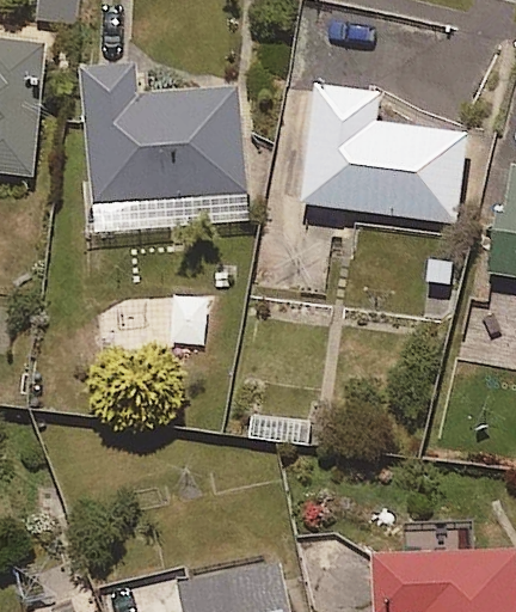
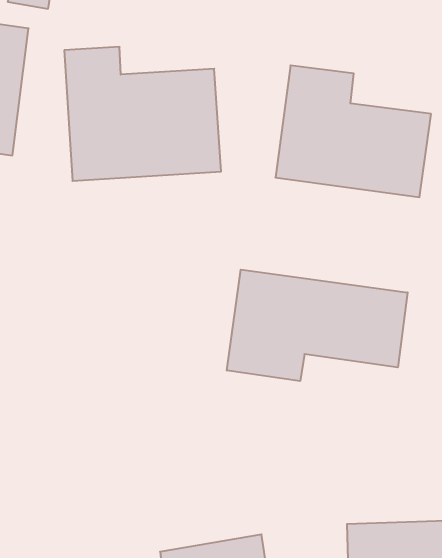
building: none -> [227,270,408,381]

